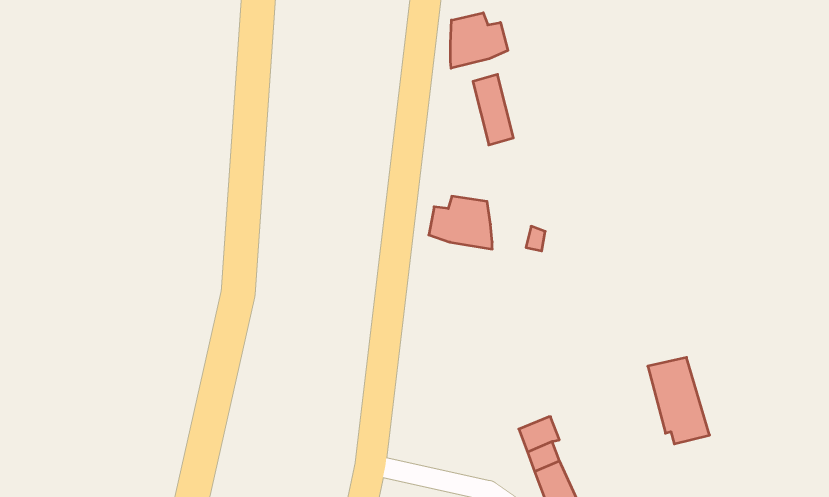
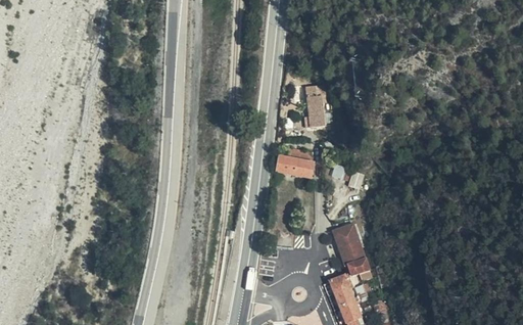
building: [450,13,508,68] -> none
building: [648,357,710,444] -> [334,224,370,274]

